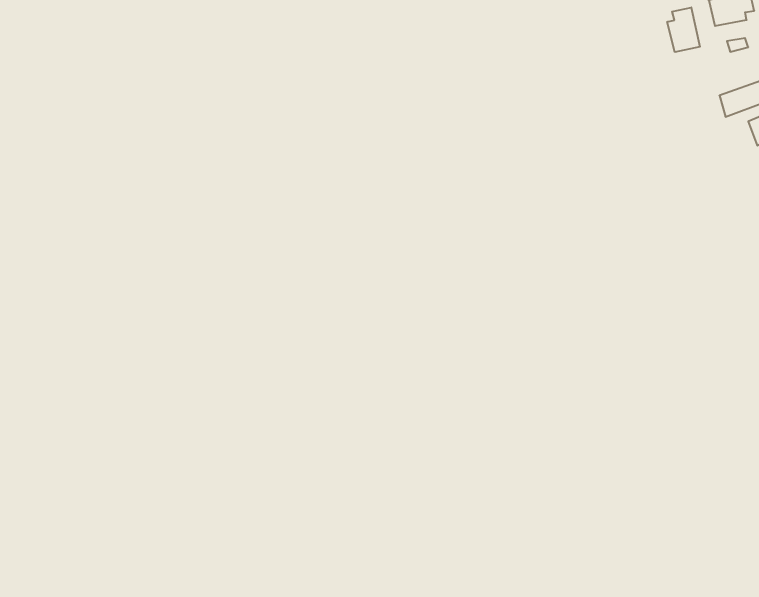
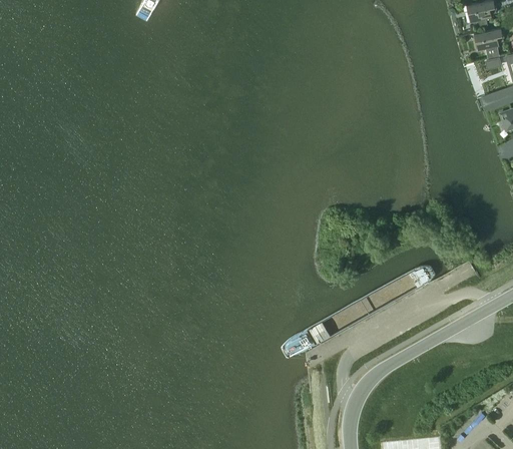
building: [667,7,700,52] -> none

